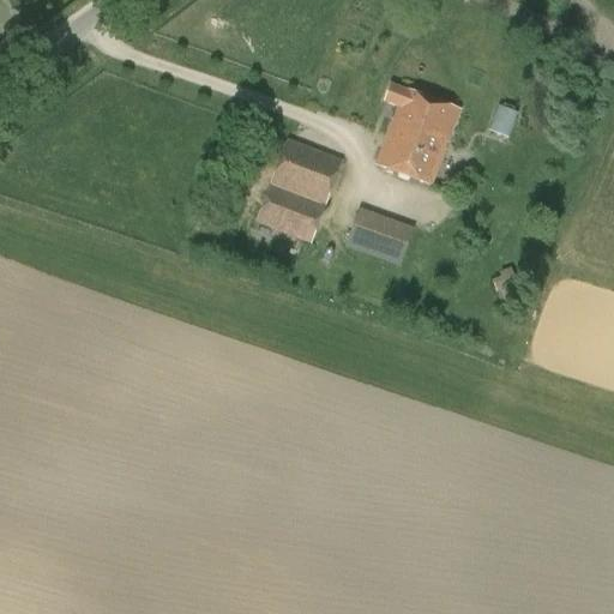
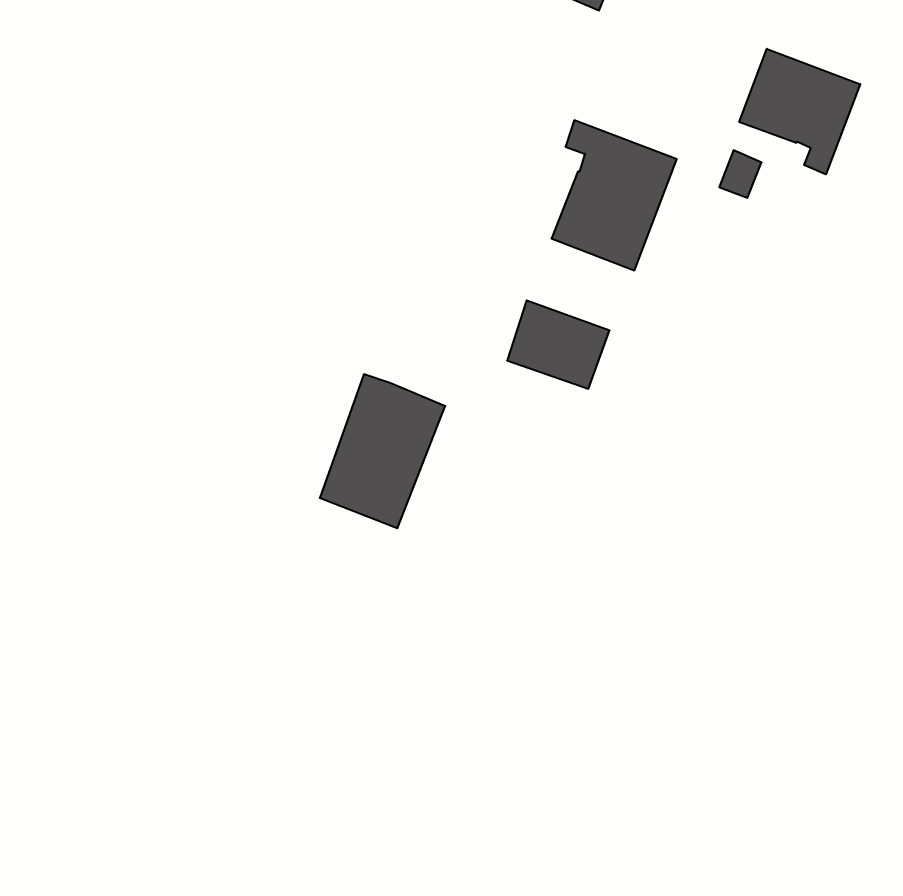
building: none -> [739,49,860,174]
building: [257,137,342,241] -> [320,374,445,528]

